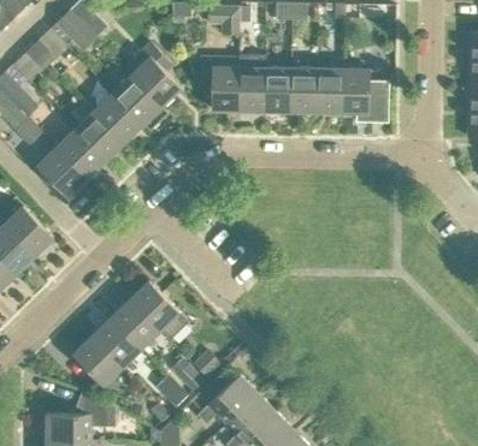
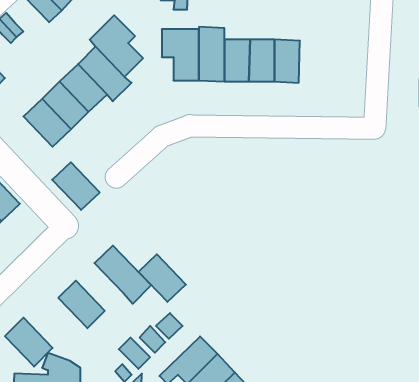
building: [342,69,389,123] -> none
building: [37,147,87,196] -> [52,162,100,210]
building: [111,298,160,347] -> [138,254,186,302]
building: [73,334,123,385] -> [5,318,53,367]

